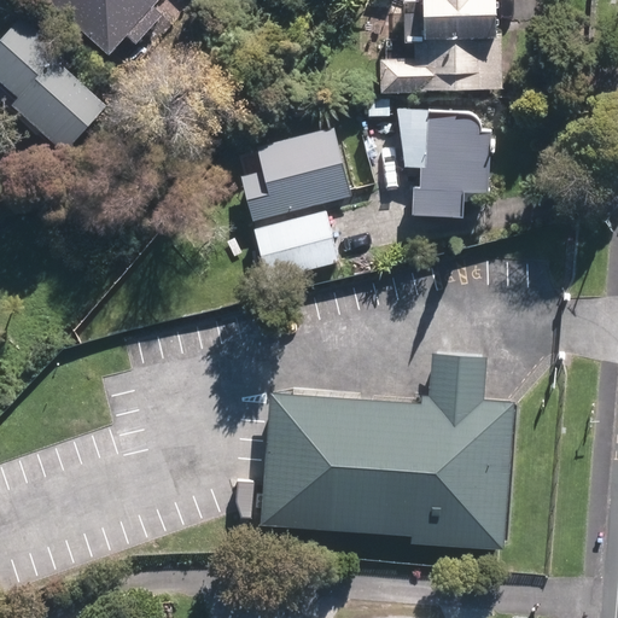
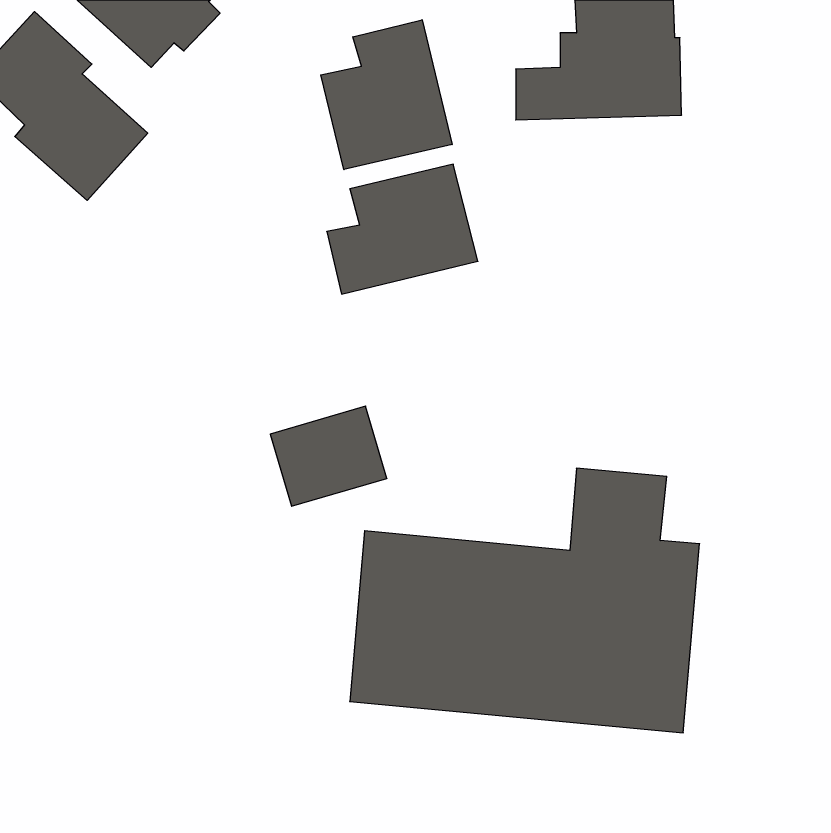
building: none -> [321,20,452,170]
building: [398,107,492,215] -> none
building: [255,209,340,282] -> [270,406,387,506]

